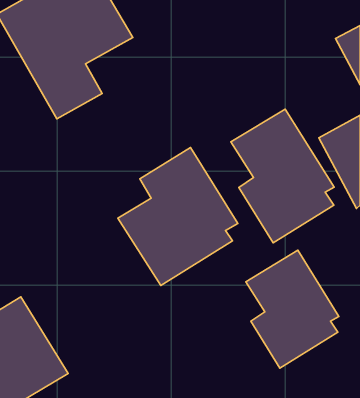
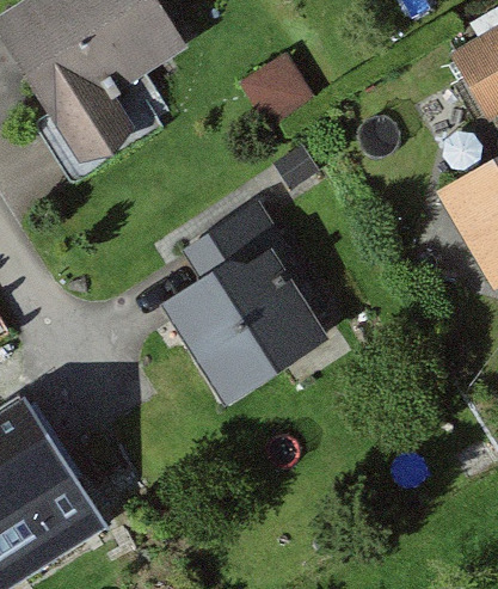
building: [231,109,334,243] -> none
building: [246,250,339,368] -> none

